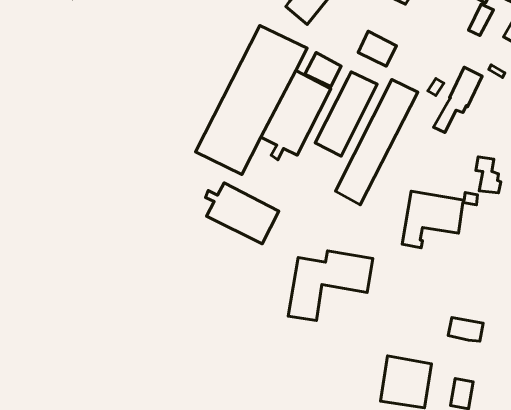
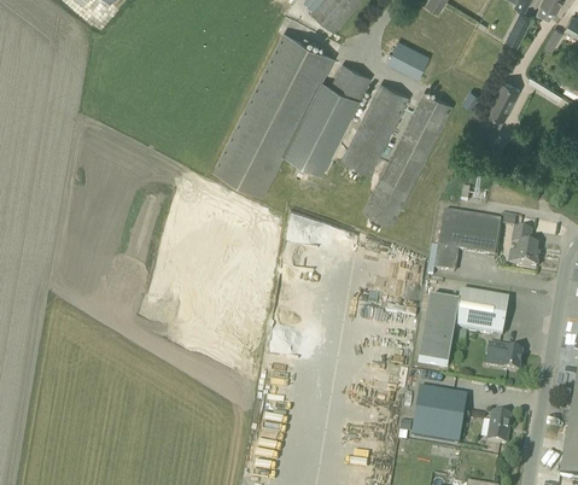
building: [476,157,501,193] -> [513,226,539,264]
building: [205,183,279,244] -> none
building: [288,251,373,321] -> [419,288,509,363]

